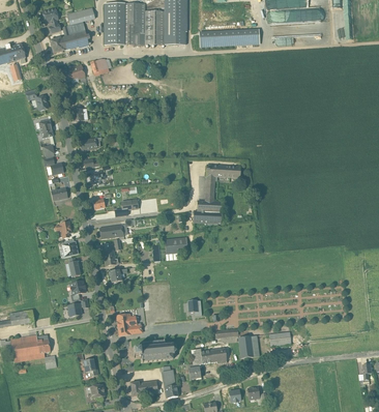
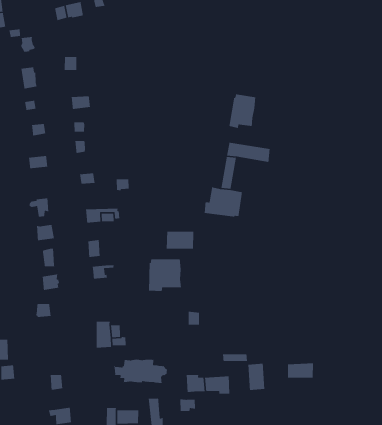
building: none -> [229,94,256,129]
building: none -> [148,259,182,292]

